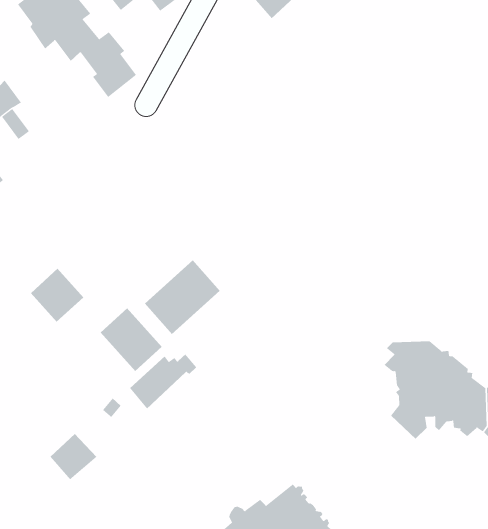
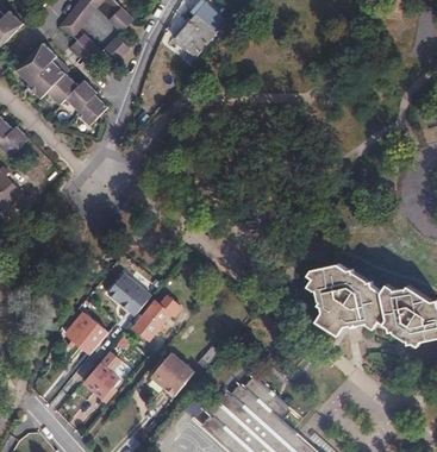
building: [144,260,221,335] -> none
building: [30,268,84,323] -> [65,316,104,354]
building: none -> [151,353,193,395]

